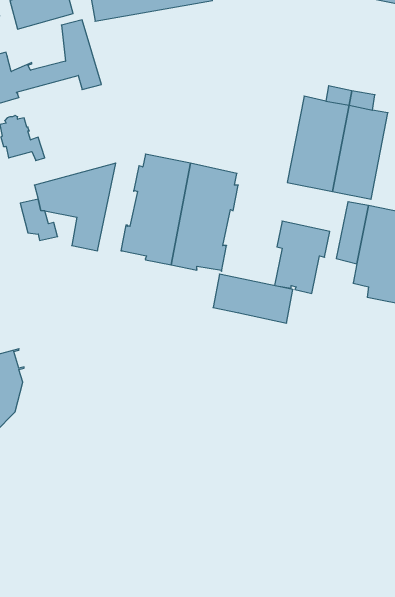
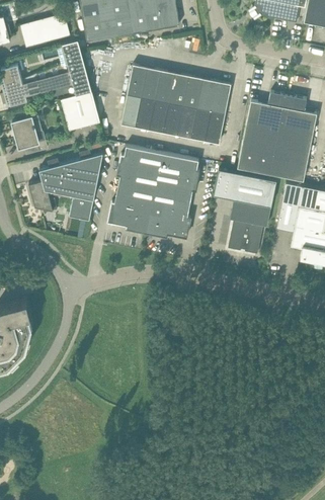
building: none -> [121,65,231,144]
building: none -> [61,91,100,130]
building: [213,274,293,323] -> [214,168,276,206]

